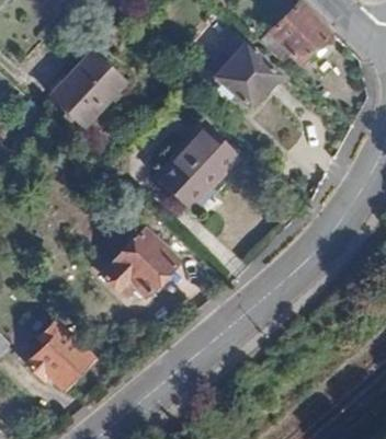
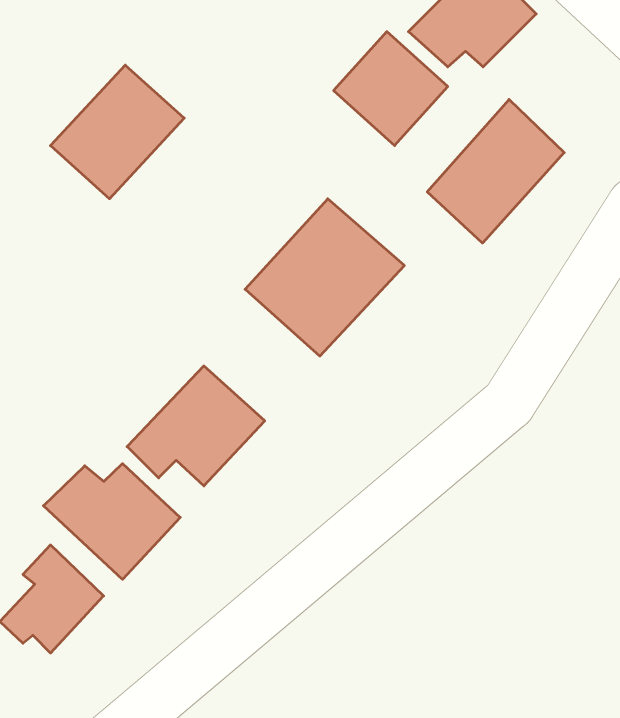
building: none -> [427,99,564,243]
building: none -> [43,464,180,579]

